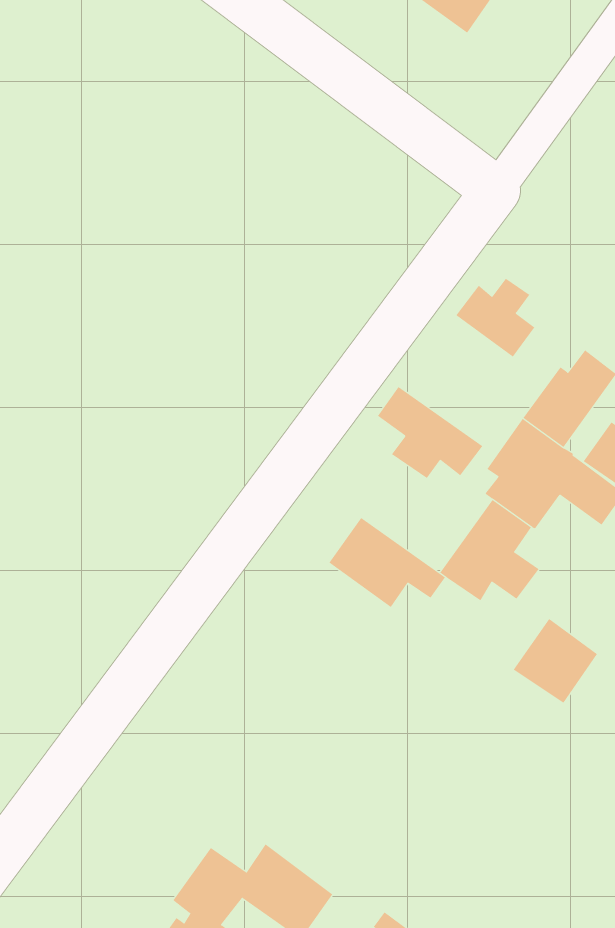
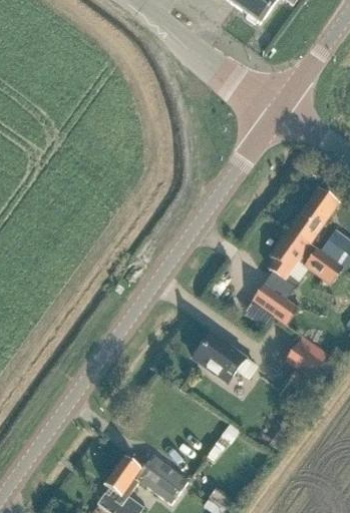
building: [455,278,535,357] -> none
building: [377,386,483,479] -> none
building: [329,517,446,608] -> [194,334,256,382]

